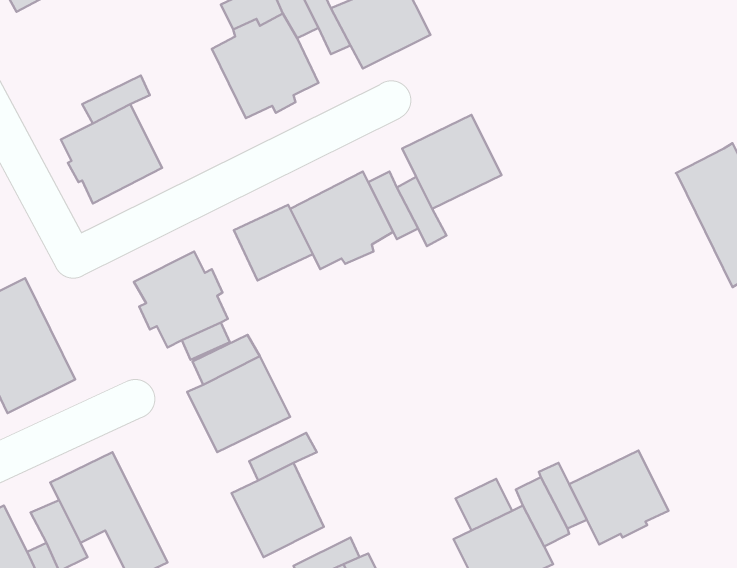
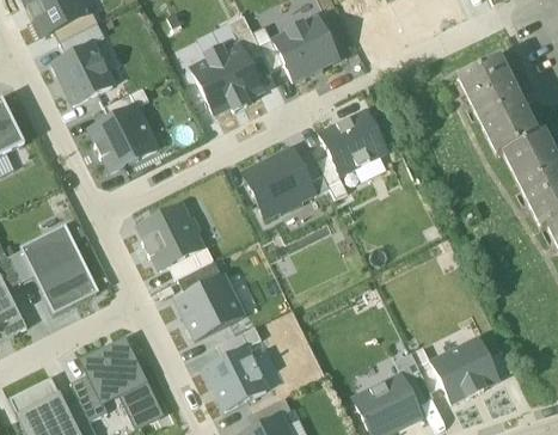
building: none -> [54,42,114,103]
building: none -> [458,57,535,154]
building: [234,205,313,281] -> none

